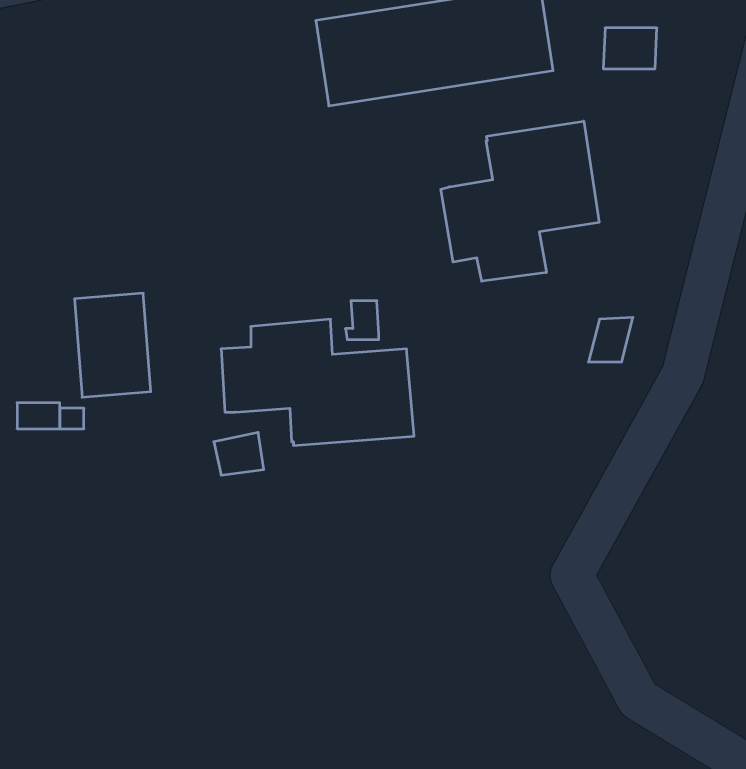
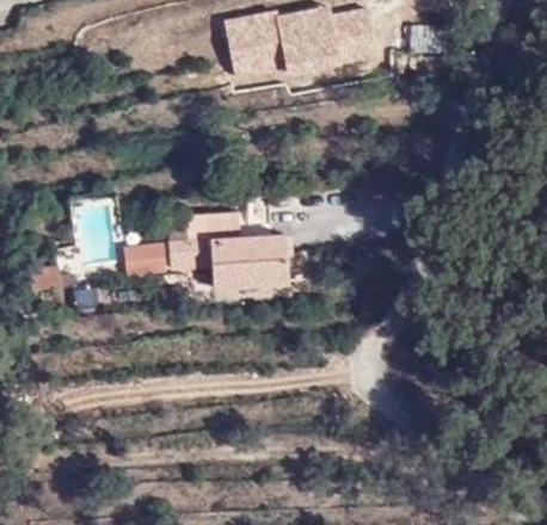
building: [441,121,599,281] -> none
building: none -> [123,243,166,278]

